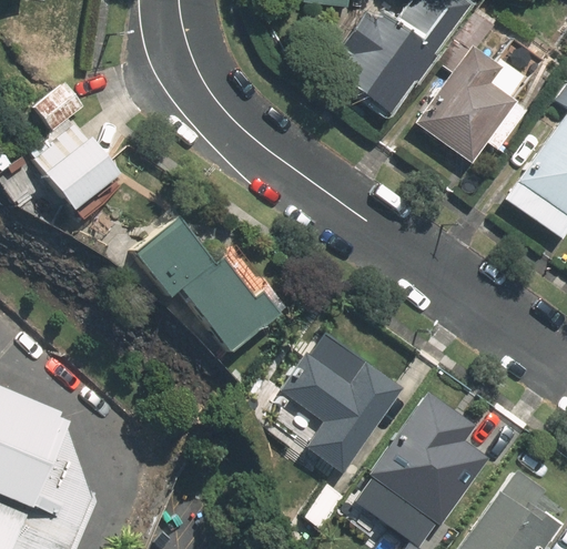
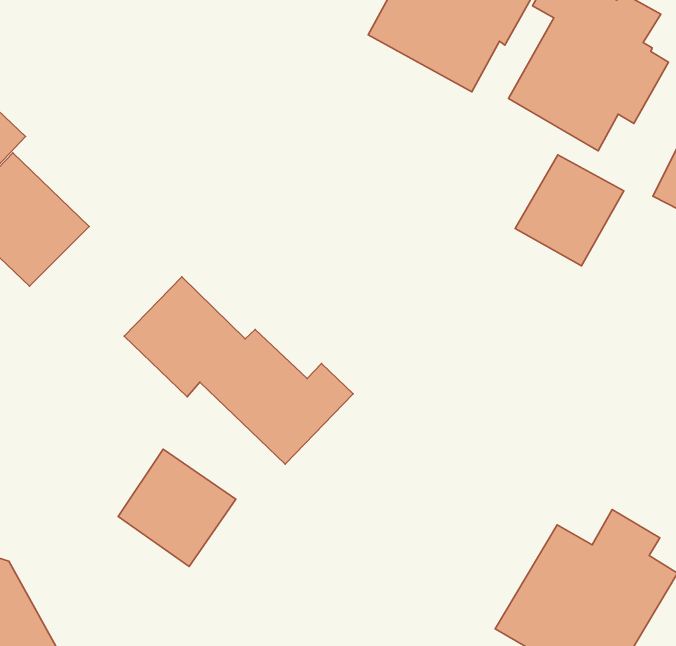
building: none -> [515,155,624,266]
building: none -> [118,449,236,567]
building: [277,353,402,471] -> none

